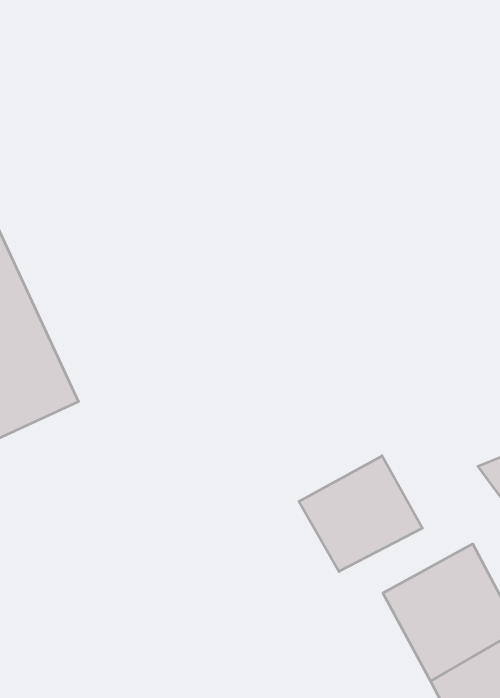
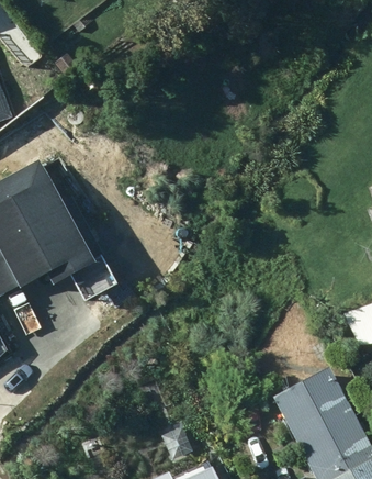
building: [299,456,422,572] -> none

